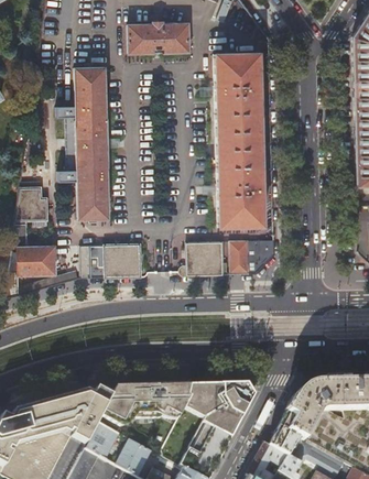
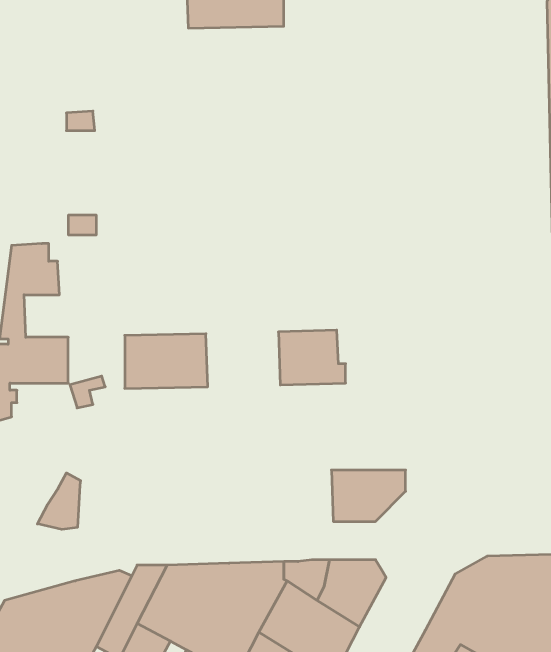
building: [215,54,263,228] -> none
building: [52,67,108,219] -> none
building: [230,241,276,273] -> [331,470,406,521]
building: none -> [37,473,81,529]

